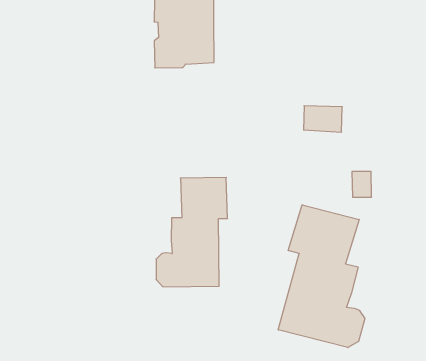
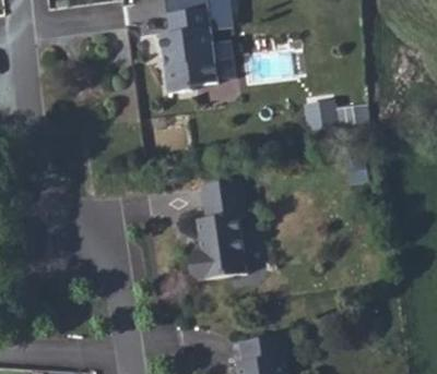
building: [278,205,365,348] -> none

